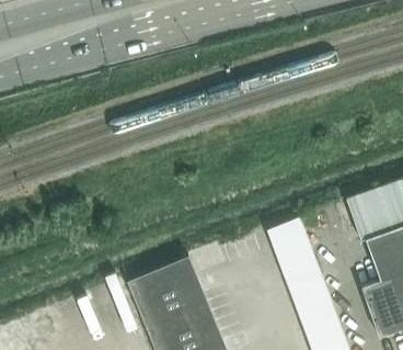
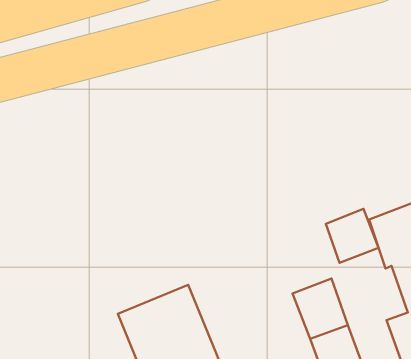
building: [267,218,313,266] -> [326,209,379,263]

